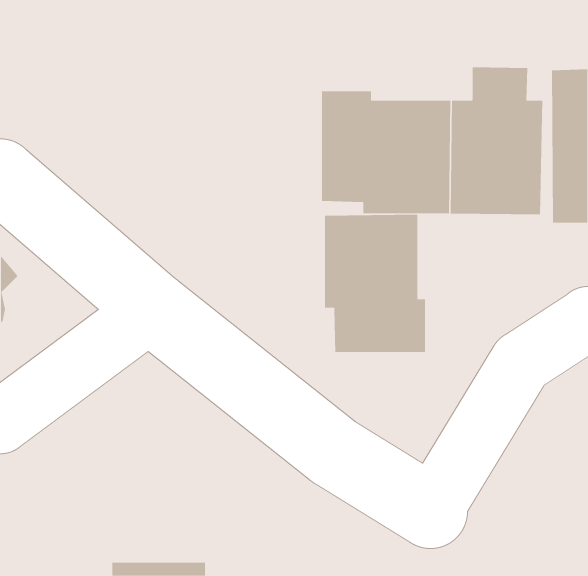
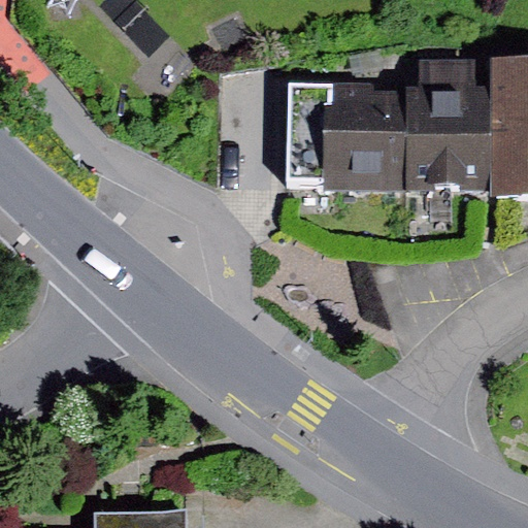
building: [324,214,425,353] -> none

